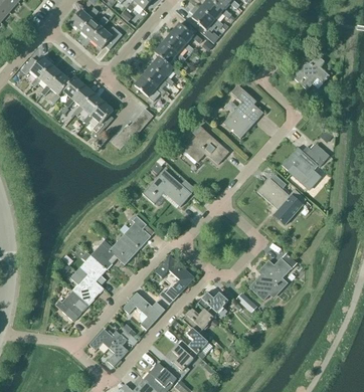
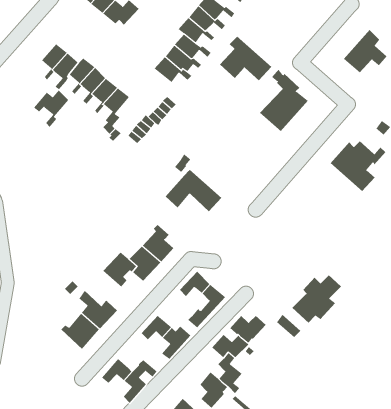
building: [21,55,51,87] -> [33,89,69,128]
building: [184,126,228,164] -> [219,36,272,81]
building: [257,178,307,224] -> none
building: [75,255,107,284] -> none

